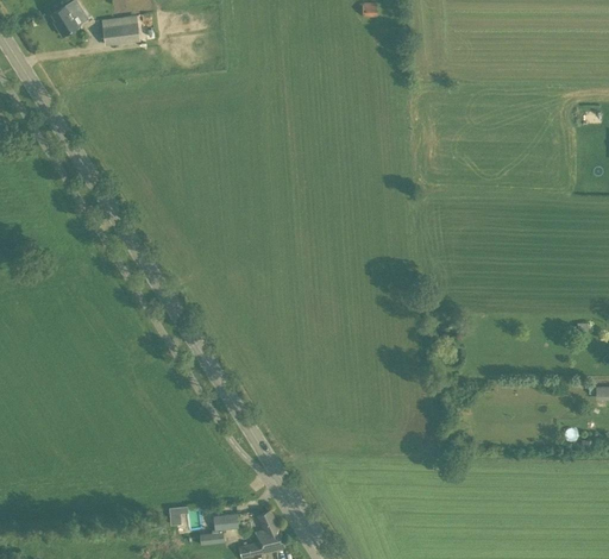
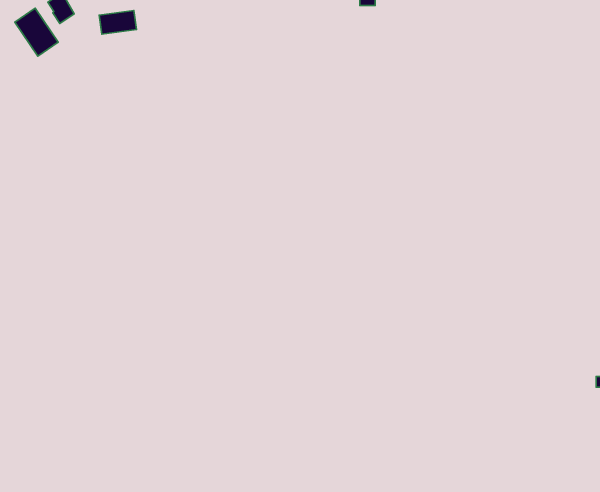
building: none -> [15,8,58,56]

